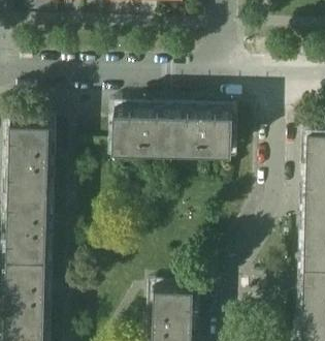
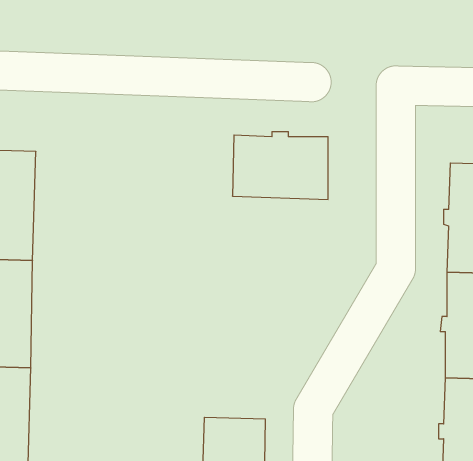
building: [113,107,173,150] -> none

